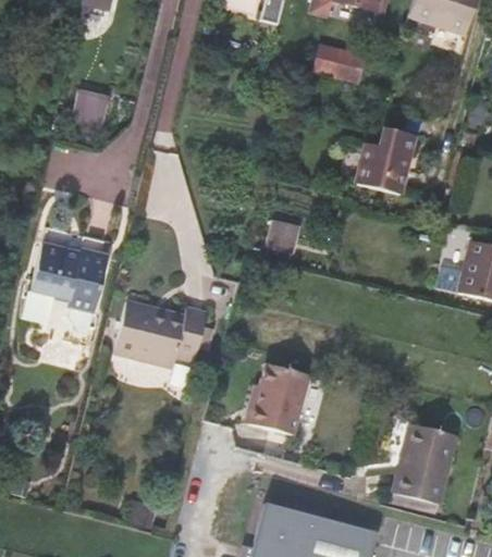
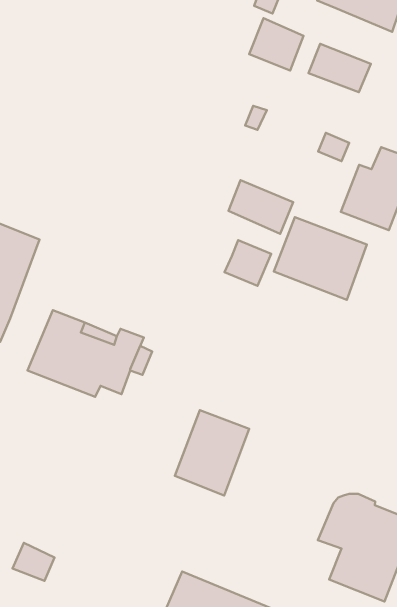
building: none -> [249,18,304,71]
building: [72,89,110,128] -> none
building: none -> [228,180,293,234]
building: none -> [274,217,367,300]

